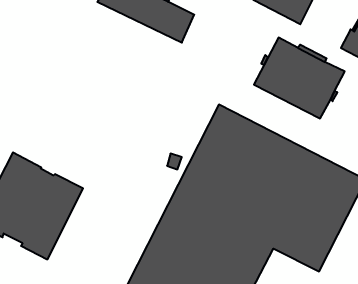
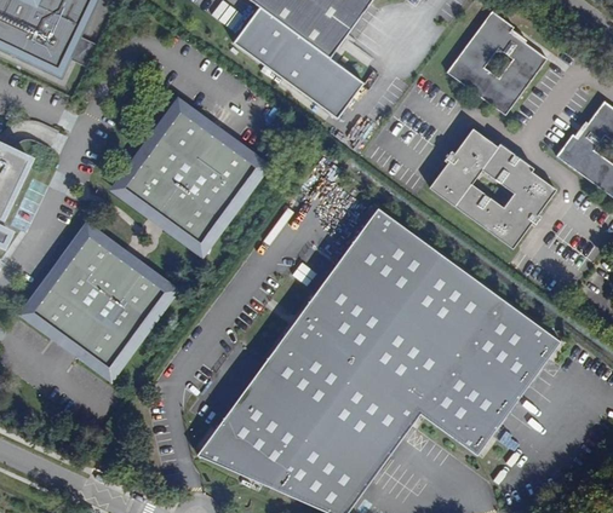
building: none -> [114,100,267,253]

